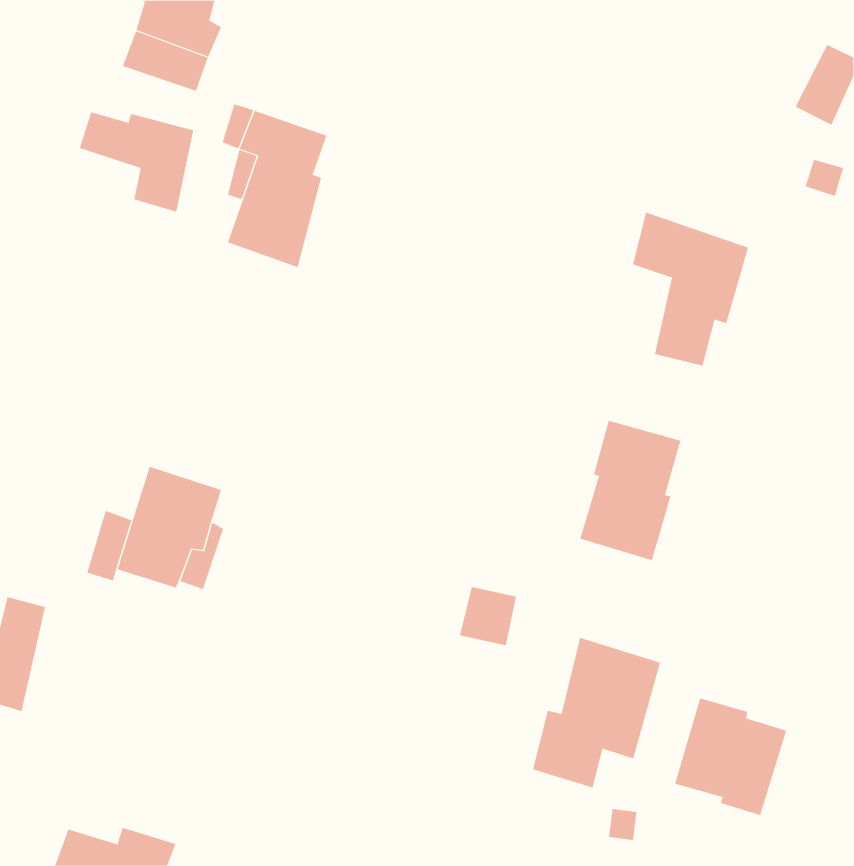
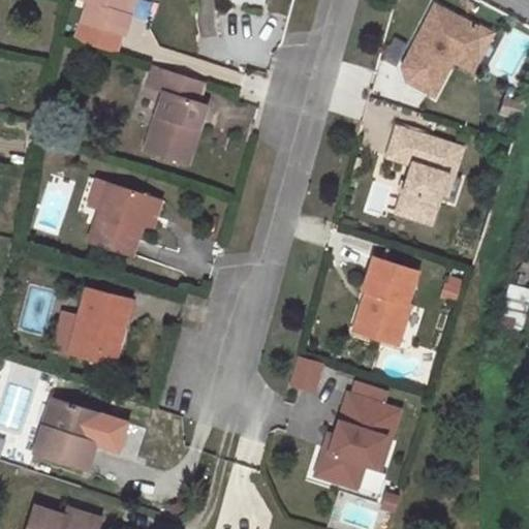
building: none -> [397,7,484,97]
building: [79,111,194,212] -> none
building: none -> [91,181,150,253]
building: none -> [43,395,135,466]
building: [675,697,787,816] -> none

